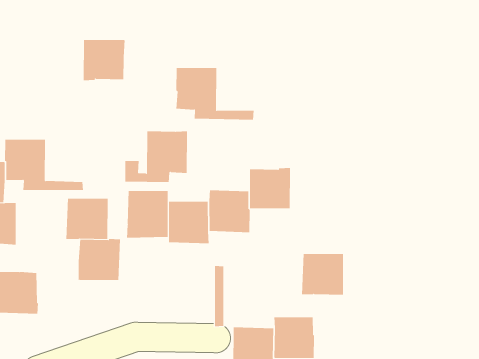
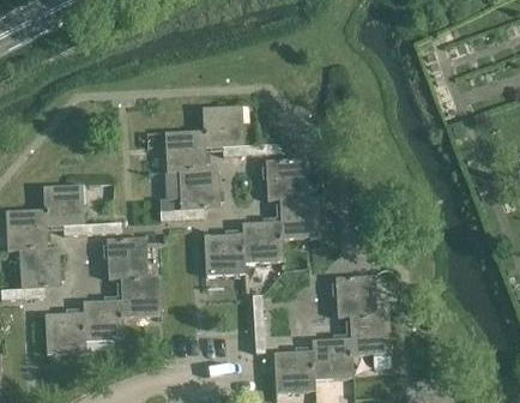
building: [83,39,126,81] -> [164,130,206,172]
building: none -> [265,157,307,199]
building: [127,190,168,239] -> none
building: none -> [83,299,125,341]
building: none -> [350,313,391,368]

